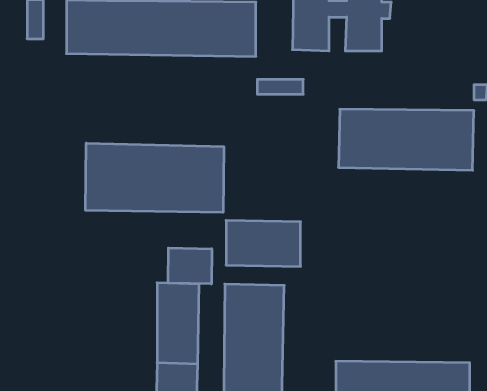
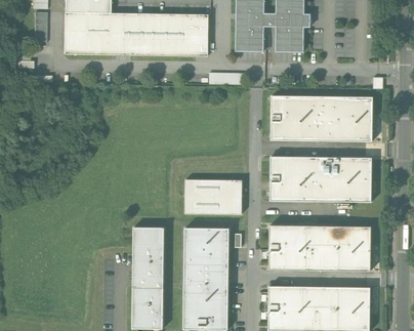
building: [86,143,224,212] -> none
building: none -> [270,156,372,202]
building: [168,248,212,284] -> none
building: none -> [270,225,371,271]

